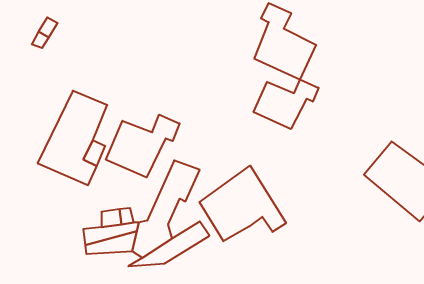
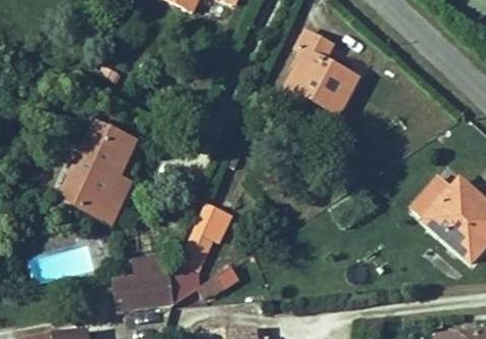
building: [254,79,319,129] -> none
building: [106,115,180,177] -> none
building: [200,166,286,241] -> none

